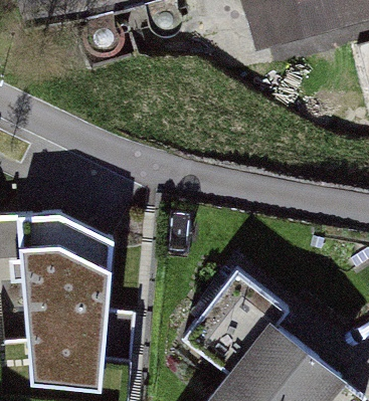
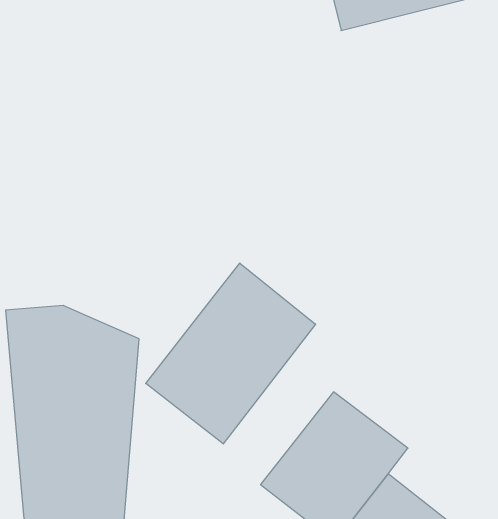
building: none -> [146,263,316,444]

